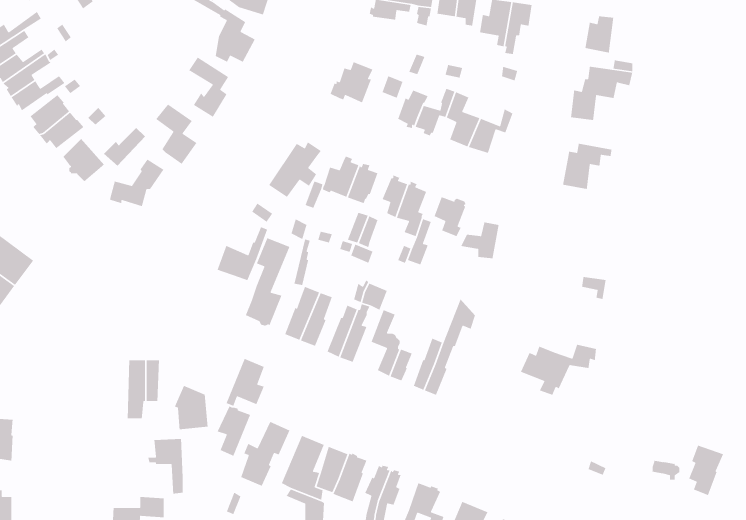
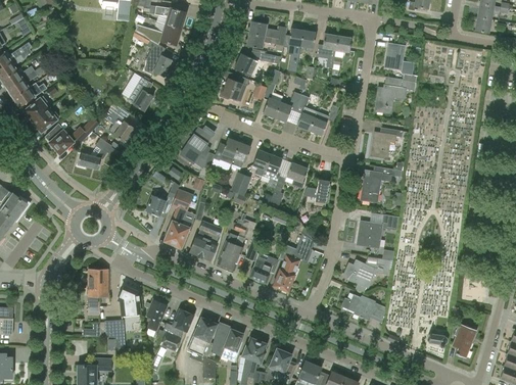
building: none -> [234,51,272,76]
building: none -> [361,166,402,201]
building: none -> [357,222,382,247]
building: [226,358,265,407] -> none
building: none -> [341,294,385,323]

